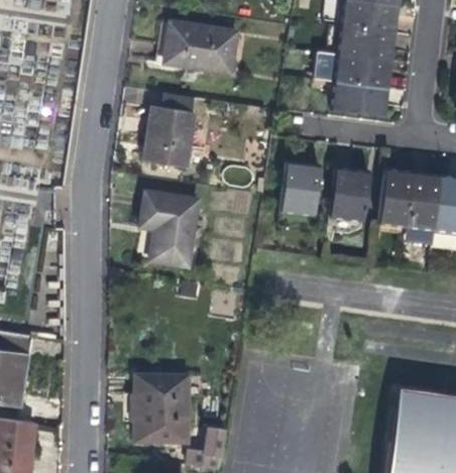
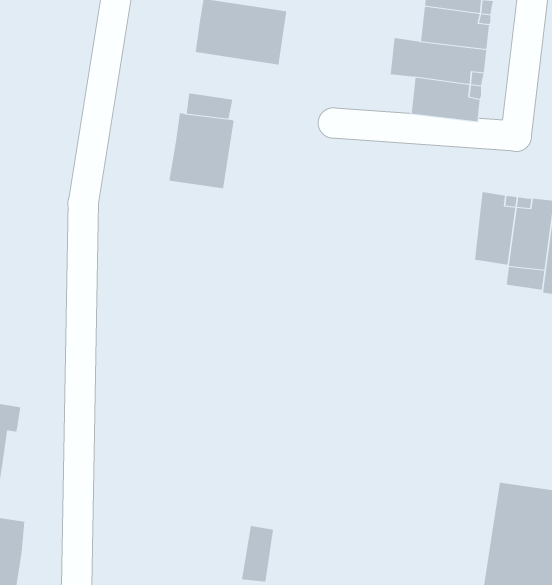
building: [282,162,320,215] -> none
building: [331,168,369,220] -> none
building: [142,192,199,266] -> none
building: [135,375,189,442] -> none

